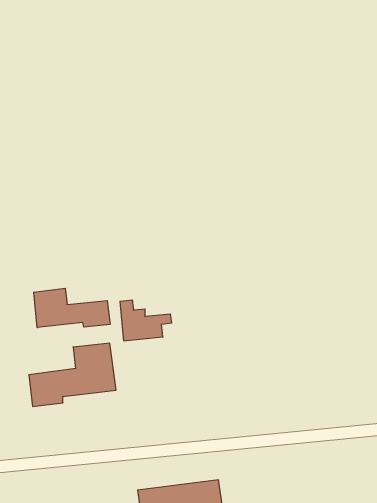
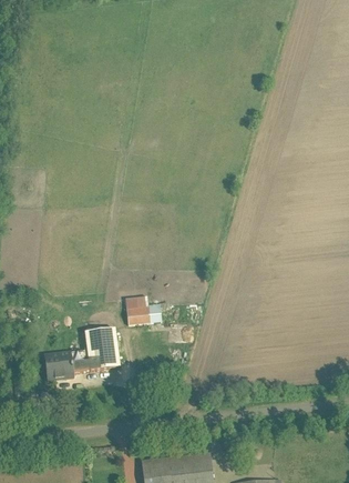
building: [34,288,110,328] -> none

